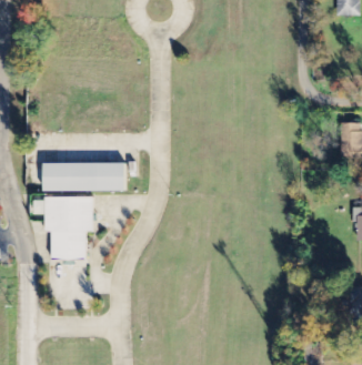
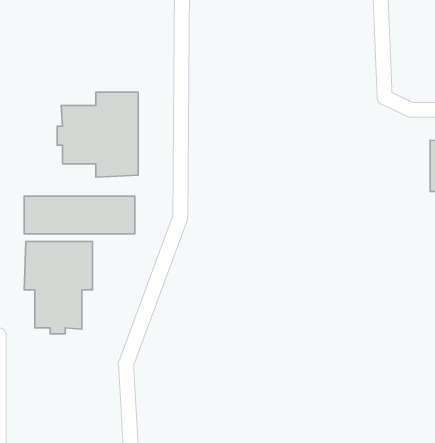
building: none -> [57,92,138,177]

